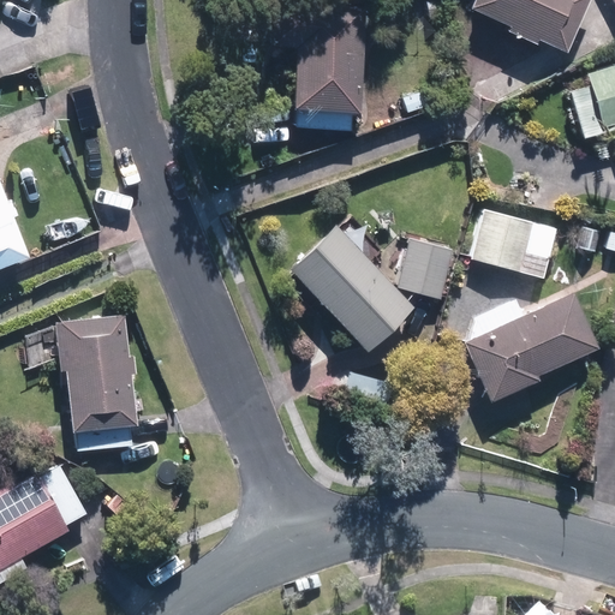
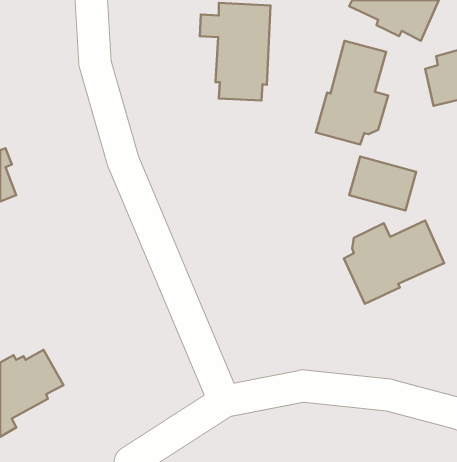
building: none -> [316,41,388,145]
building: [289,217,455,351] -> none
building: [55,314,138,432] -> none

